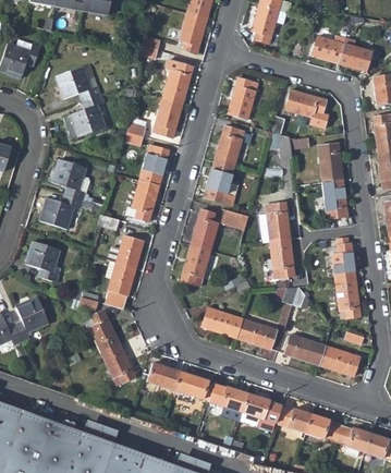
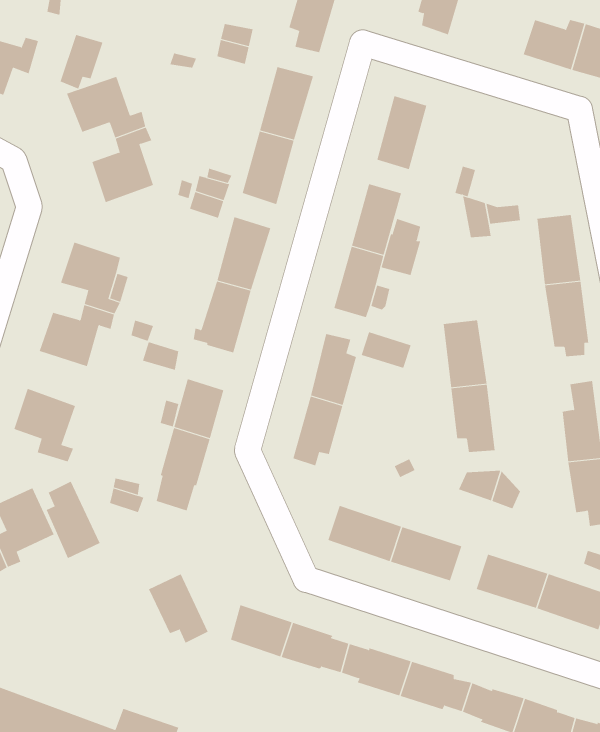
building: none -> [60,34,103,89]
building: [285,90,326,117] -> none
building: none -> [381,218,421,276]
building: [89,310,120,353] -> [46,481,101,559]

